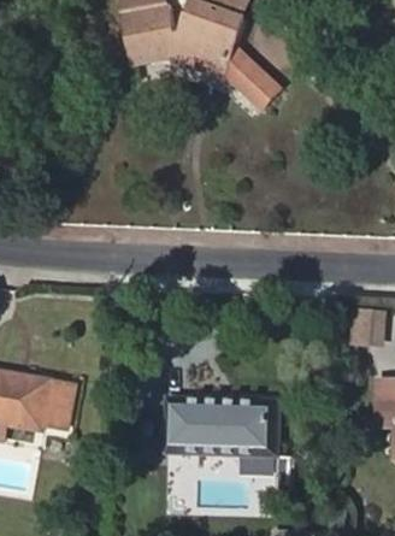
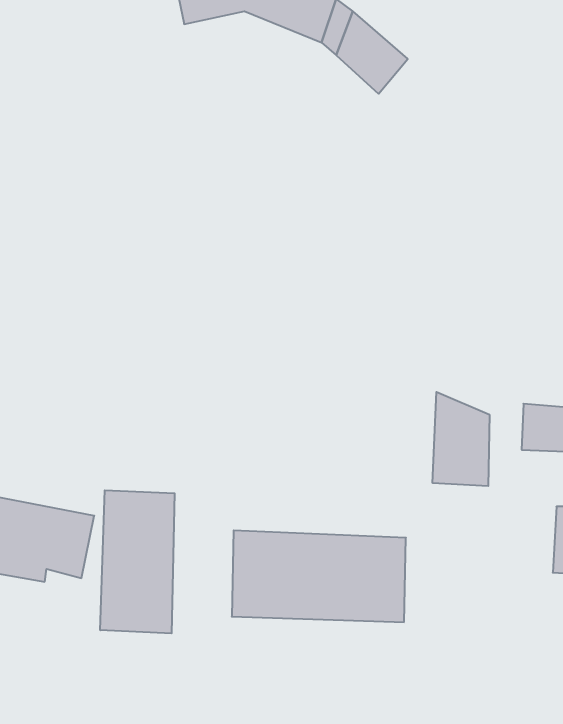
building: none -> [433,392,489,486]
building: none -> [100,490,175,633]

